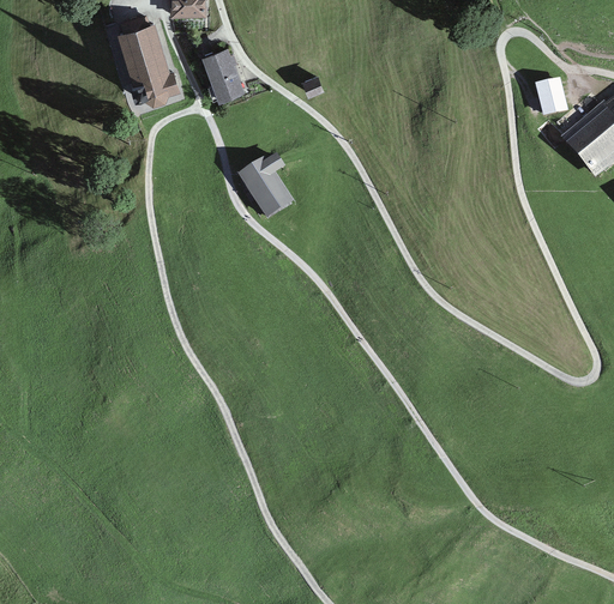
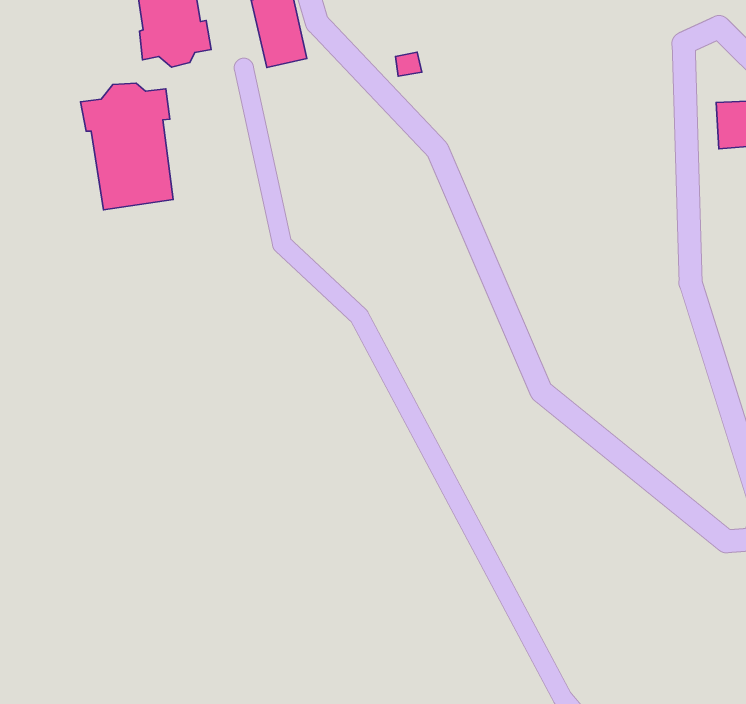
building: none -> [80,83,173,210]
building: [243,153,293,216] -> none

